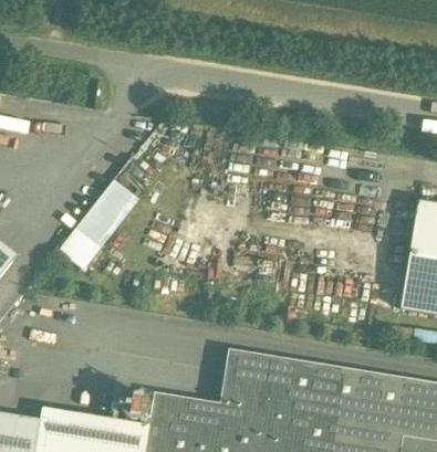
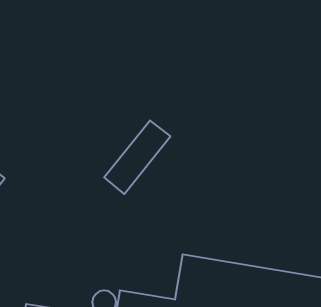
building: [58,182,137,271] -> [104,120,170,194]

